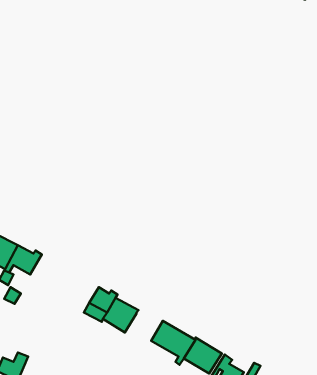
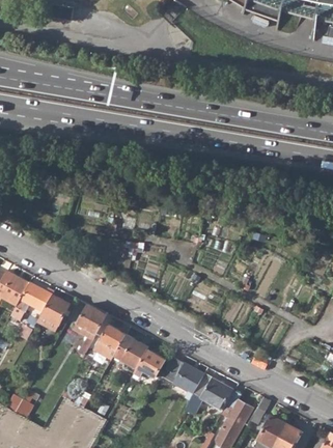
building: none -> [36,295,70,332]
building: none -> [74,305,105,355]
building: none -> [133,349,165,379]

